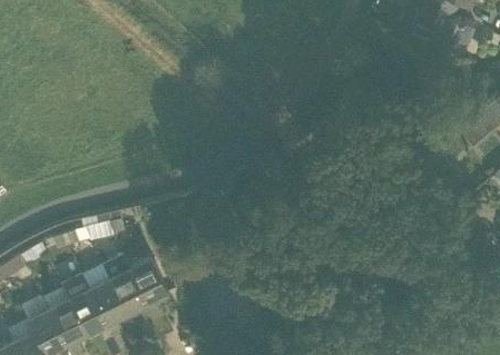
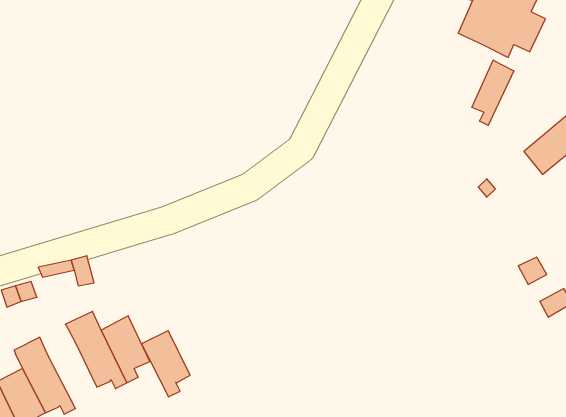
building: none -> [472,60,514,125]
building: [88,277,126,328] -> [142,331,190,397]

